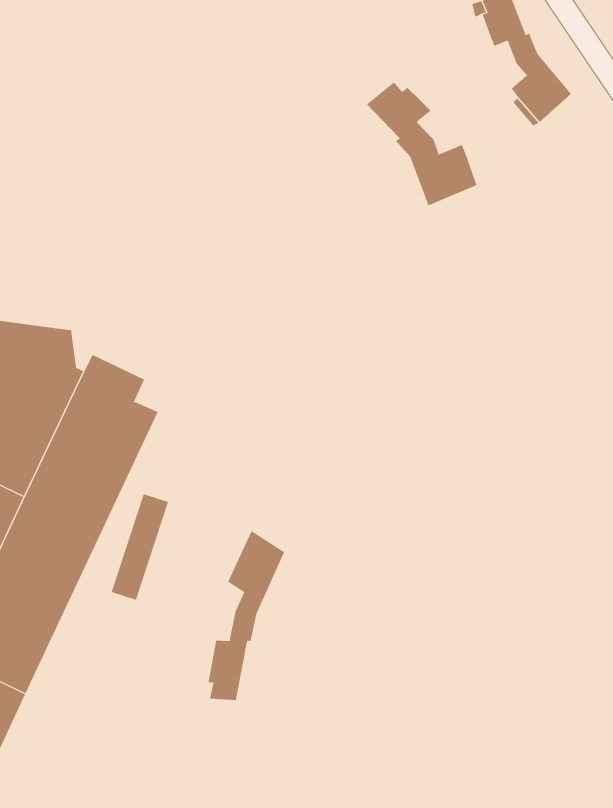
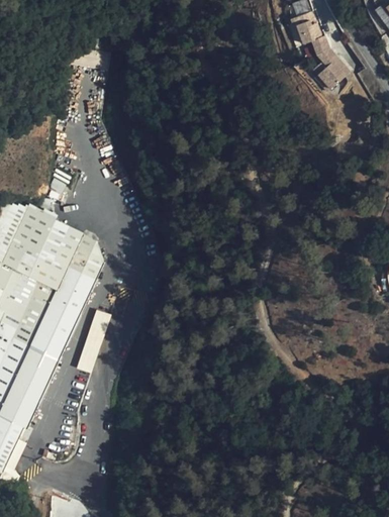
building: [366,81,477,206] -> none
building: [208,530,285,701] -> none

